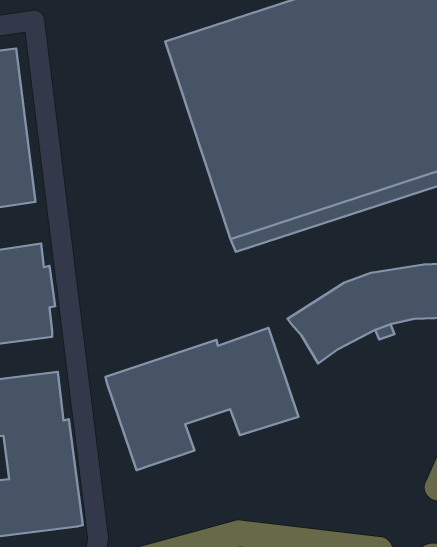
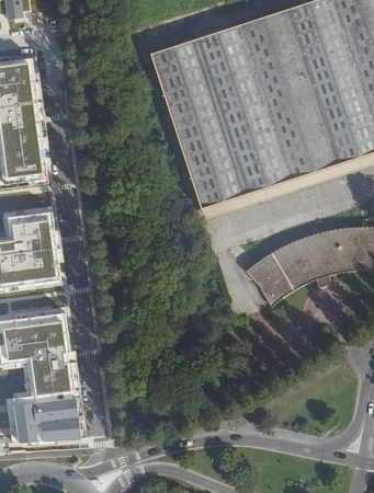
building: [106,328,299,470] -> none

